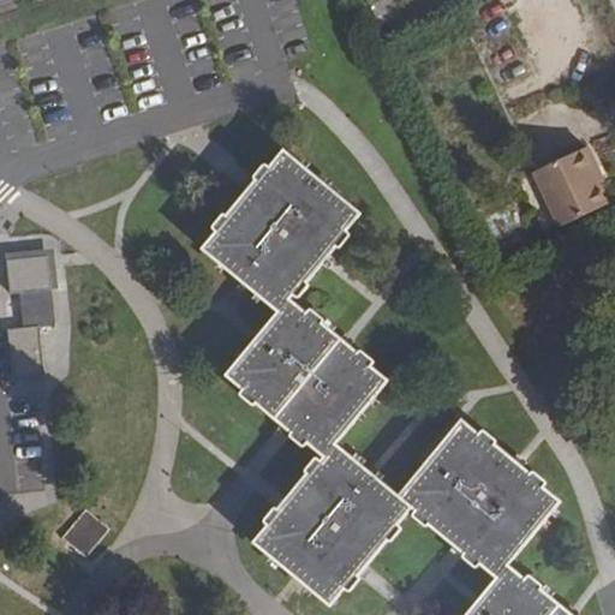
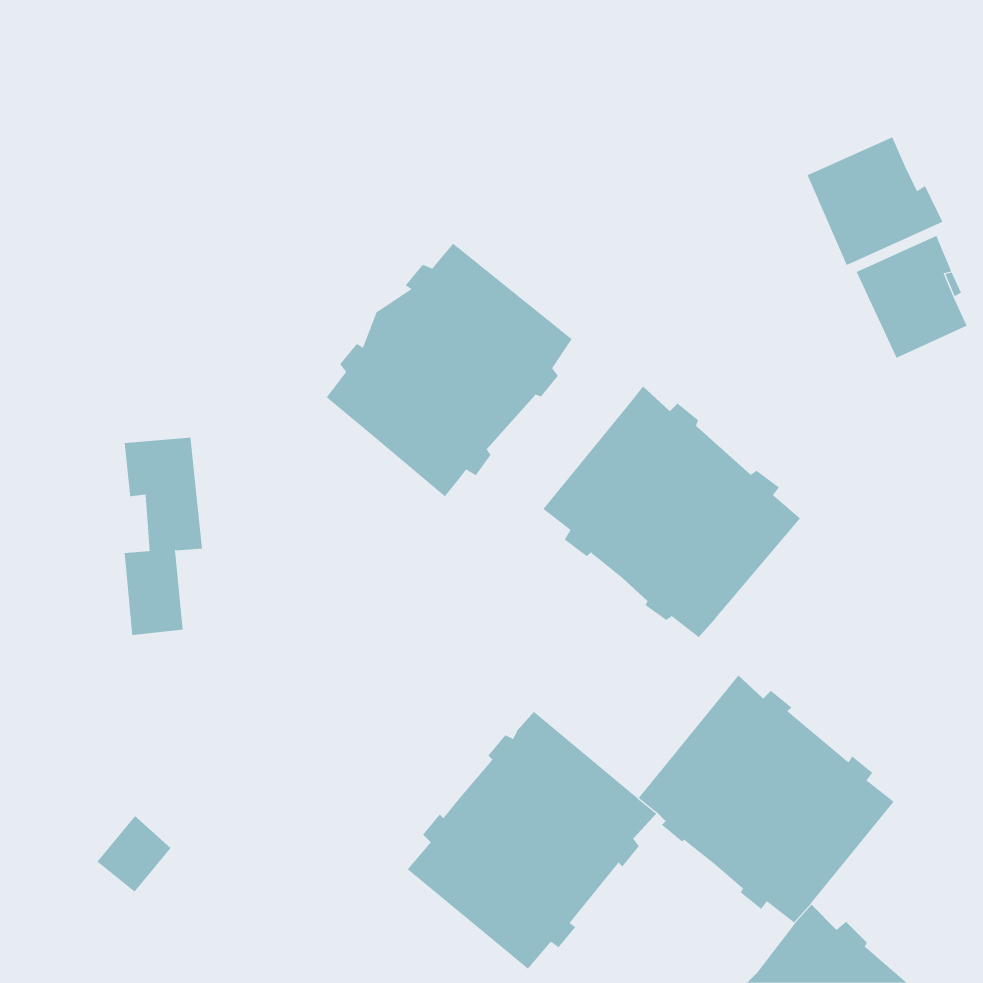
building: none -> [807,137,943,266]
building: [6,253,55,377] -> [124,437,203,636]
building: [225,298,386,455] -> [543,385,801,638]

